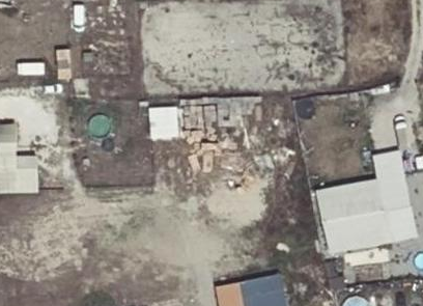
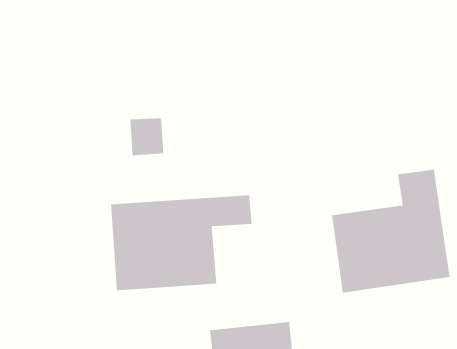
building: none -> [110,194,253,291]

